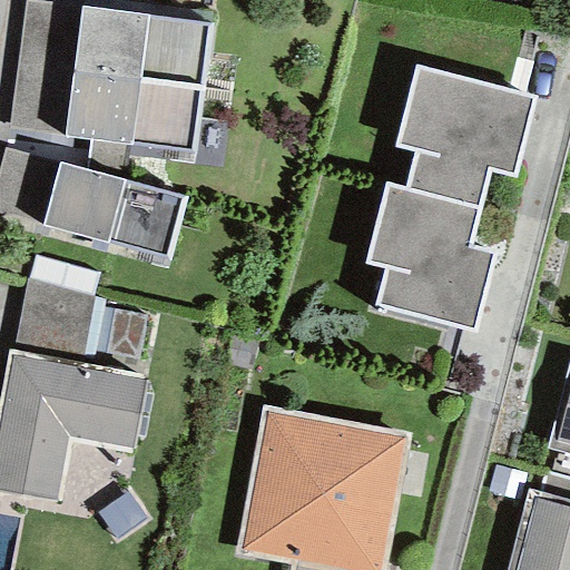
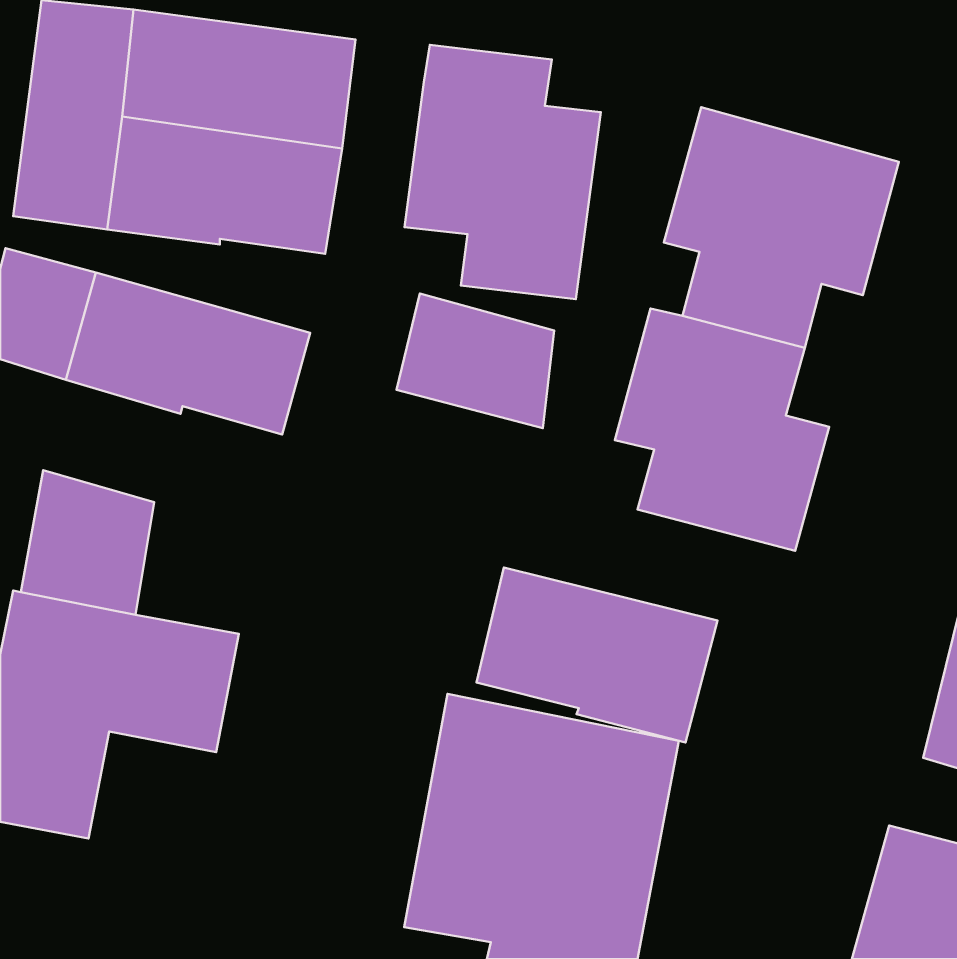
building: none -> [405,45,601,299]
building: none -> [396,294,554,428]
building: none -> [477,568,718,743]

